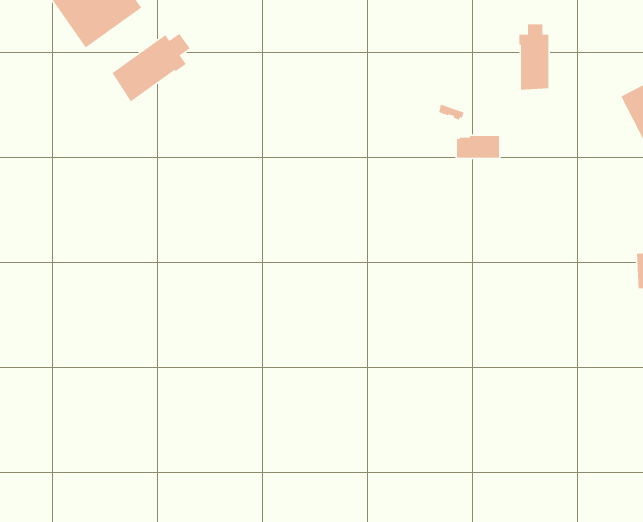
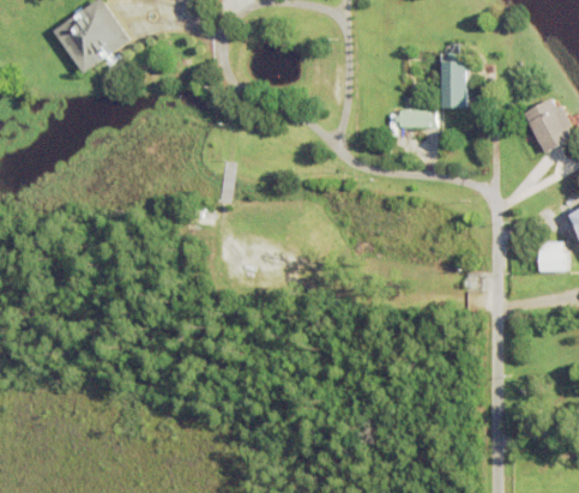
building: [111,33,191,102] -> none
building: [456,135,500,159] -> [398,108,434,127]

